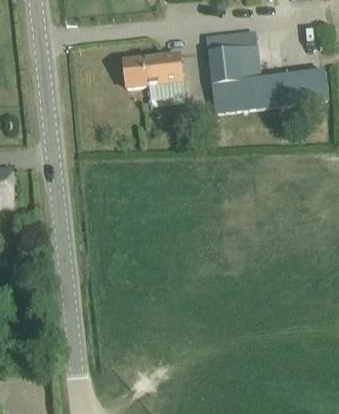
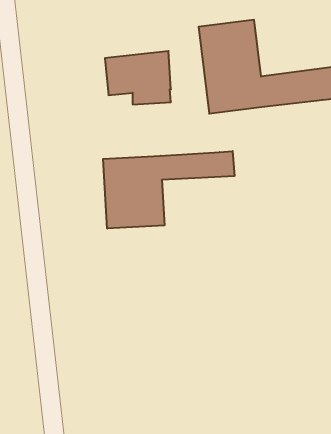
building: none -> [103,151,234,229]

